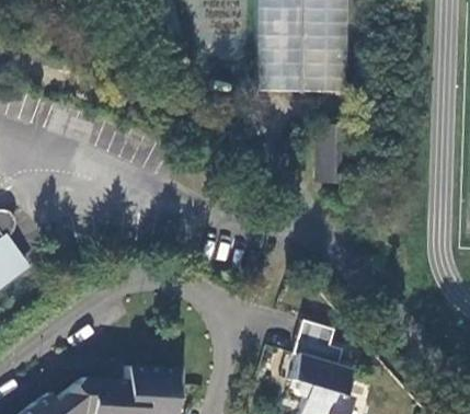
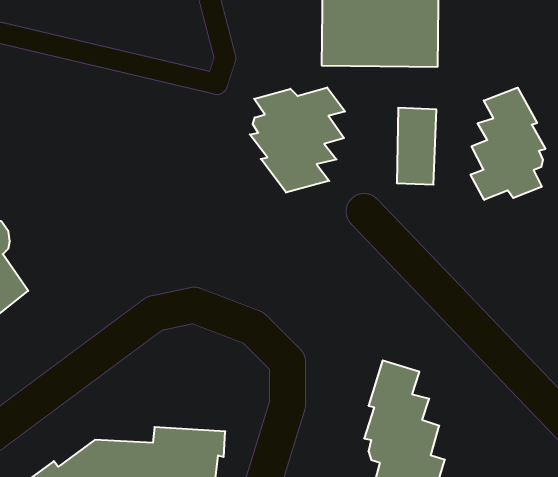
building: none -> [250,87,345,193]
building: none -> [471,88,545,200]

